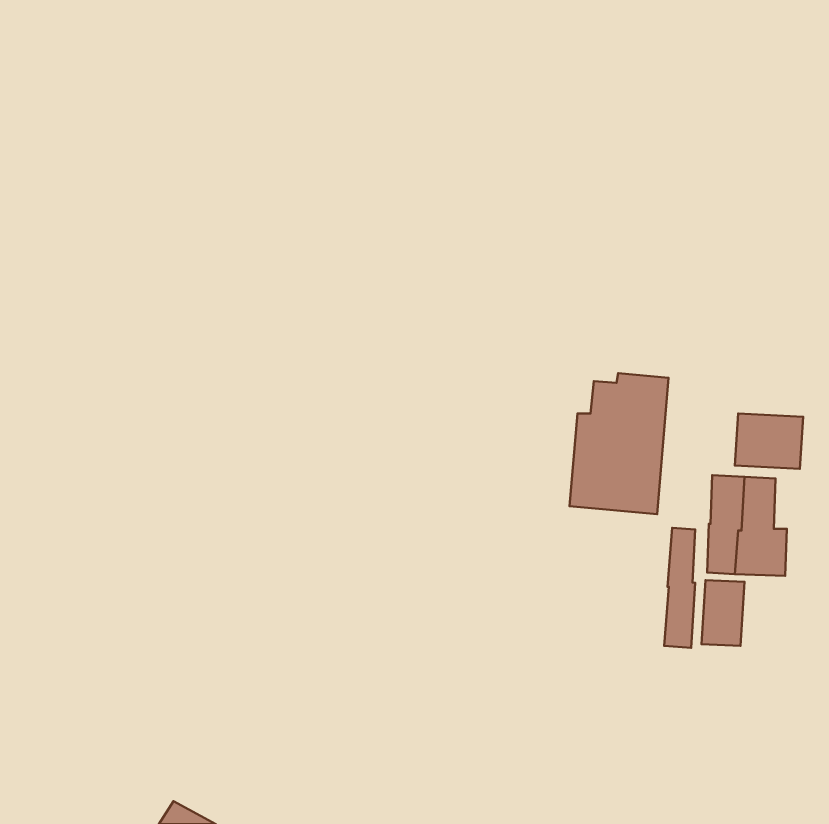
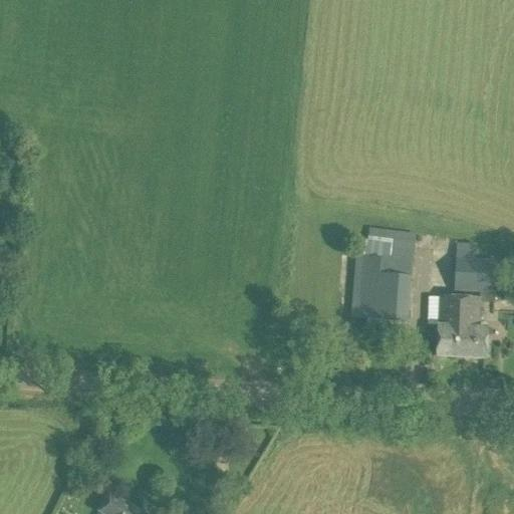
building: [664,528,695,648] -> none
building: [701,580,744,646] -> none

